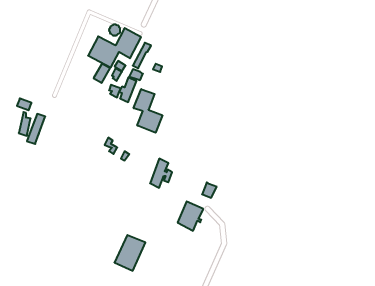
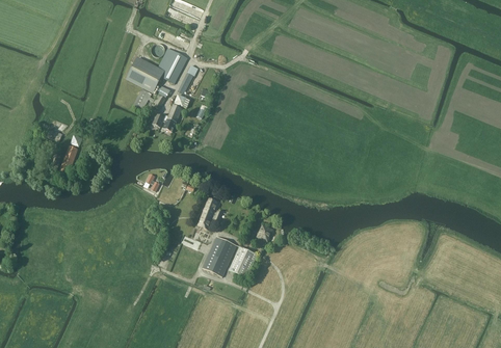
building: [134,89,162,133] -> none
building: [114,235,145,271] -> [202,236,237,276]

